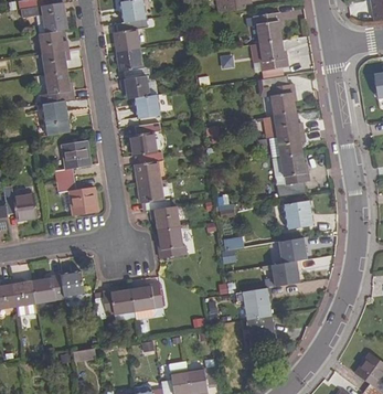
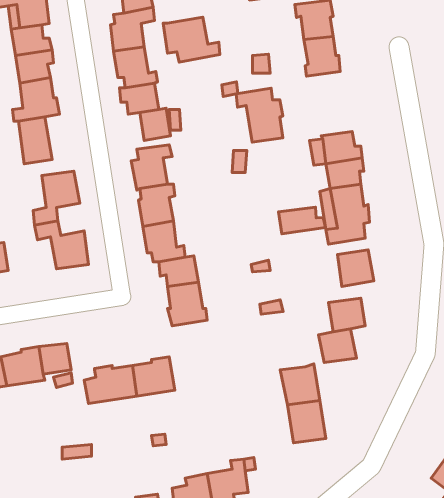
building: none -> [163,17,220,62]
building: [260,74,296,115] -> [236,88,283,142]
building: none -> [278,207,325,234]

